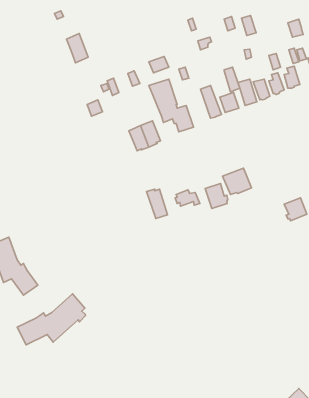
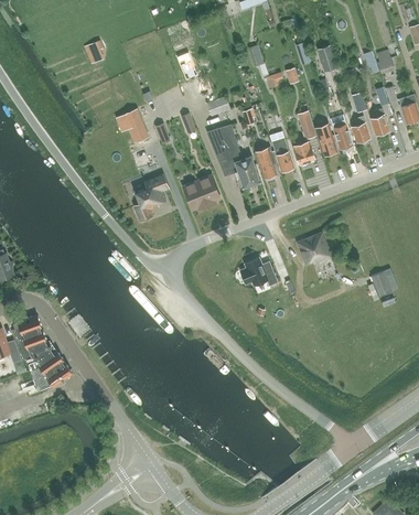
building: [67,34,88,63] -> [121,109,148,144]
building: none -> [255,147,277,180]
building: none -> [133,175,171,222]
building: [205,184,228,209] -> none
building: [147,189,167,219] -> none
building: [17,294,85,345] -> none

